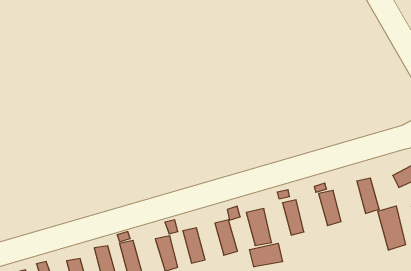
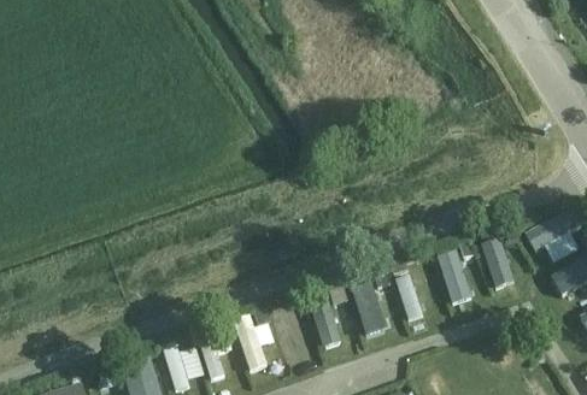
building: [378,206,405,250] -> none
building: [249,243,282,267] -> none

